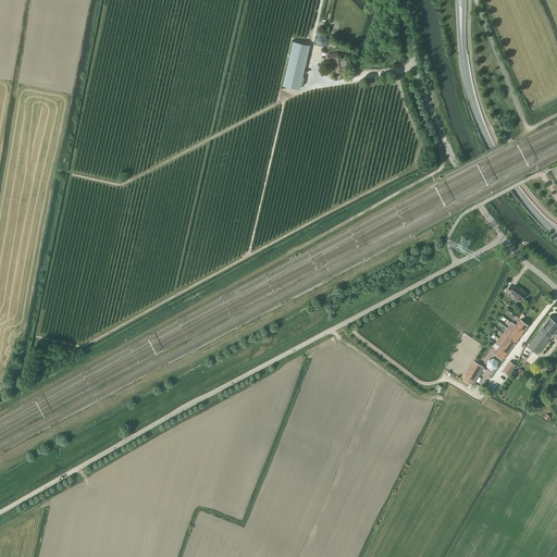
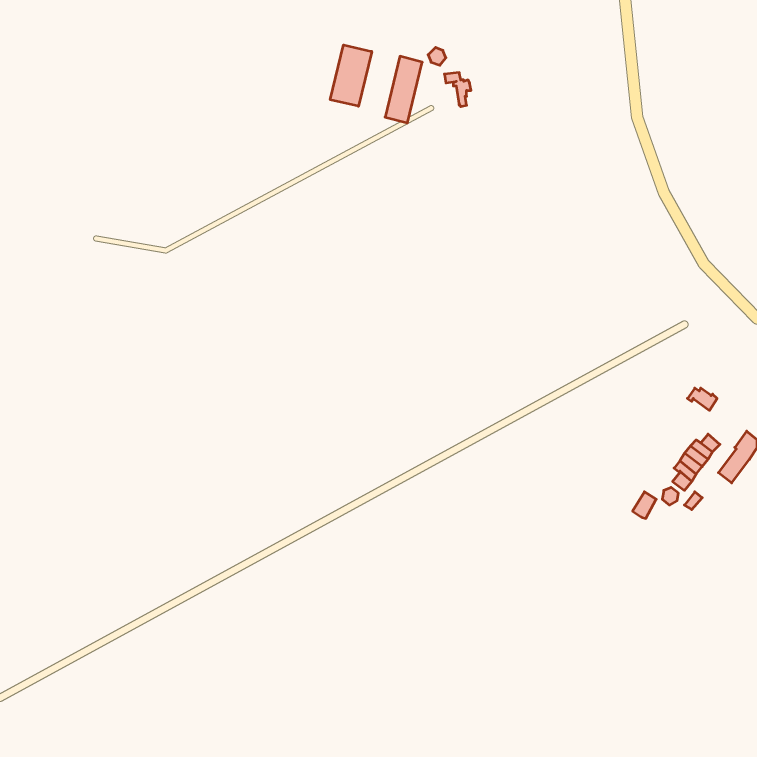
building: none -> [330,45,372,106]

